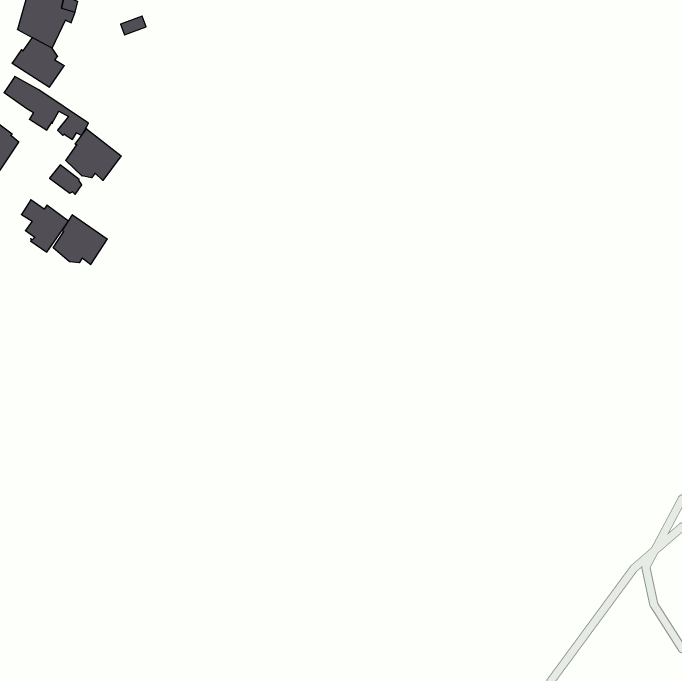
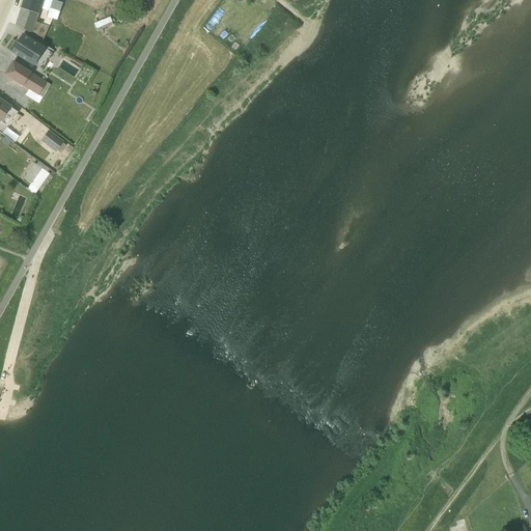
building: [66,129,121,180] -> none
building: [53,215,107,265] -> none

